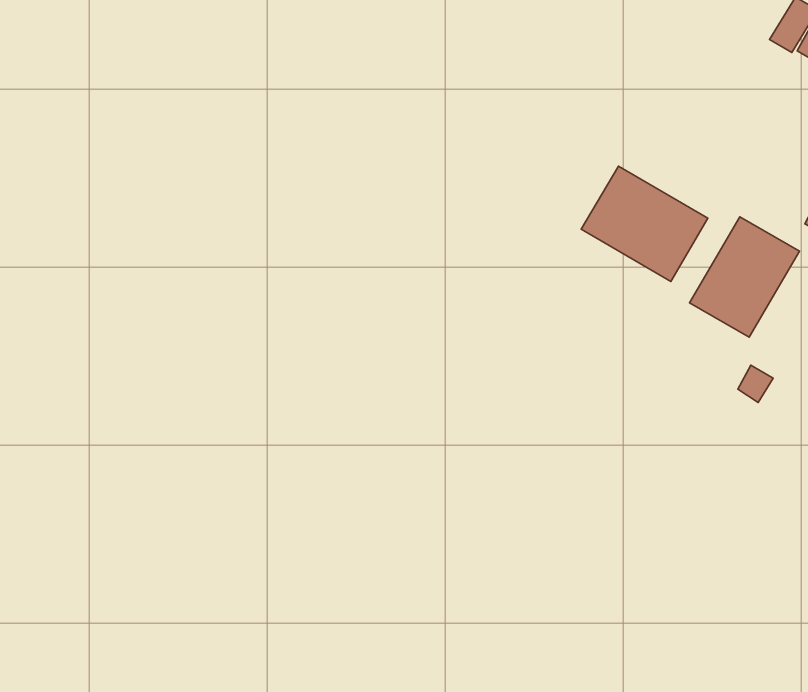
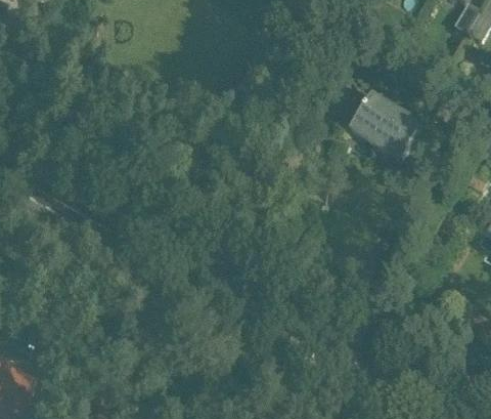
building: [690,217,799,337] -> none

